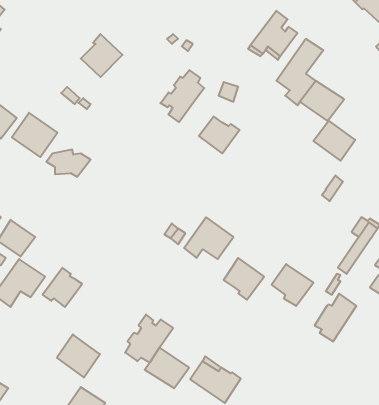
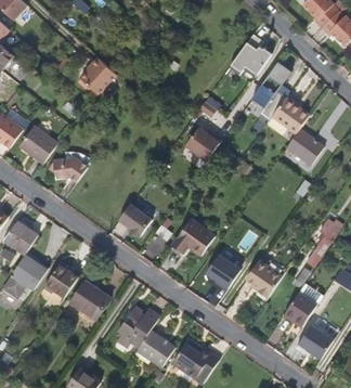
building: [160,70,204,122] -> none
building: none -> [120,205,152,238]
building: [57,334,100,378] -> [71,284,109,322]
building: none -> [296,325,334,359]

